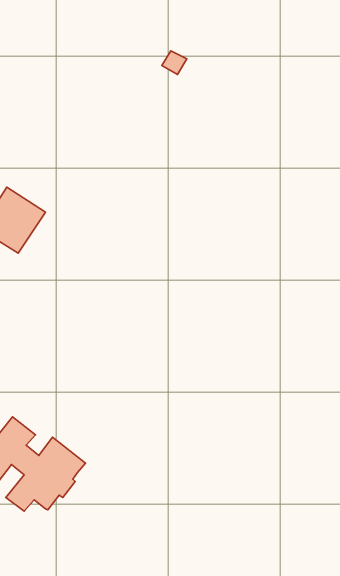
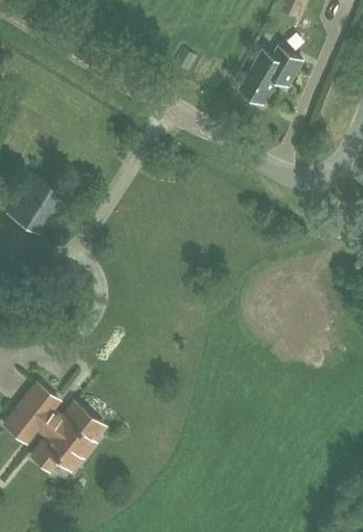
building: none -> [239,48,302,104]

